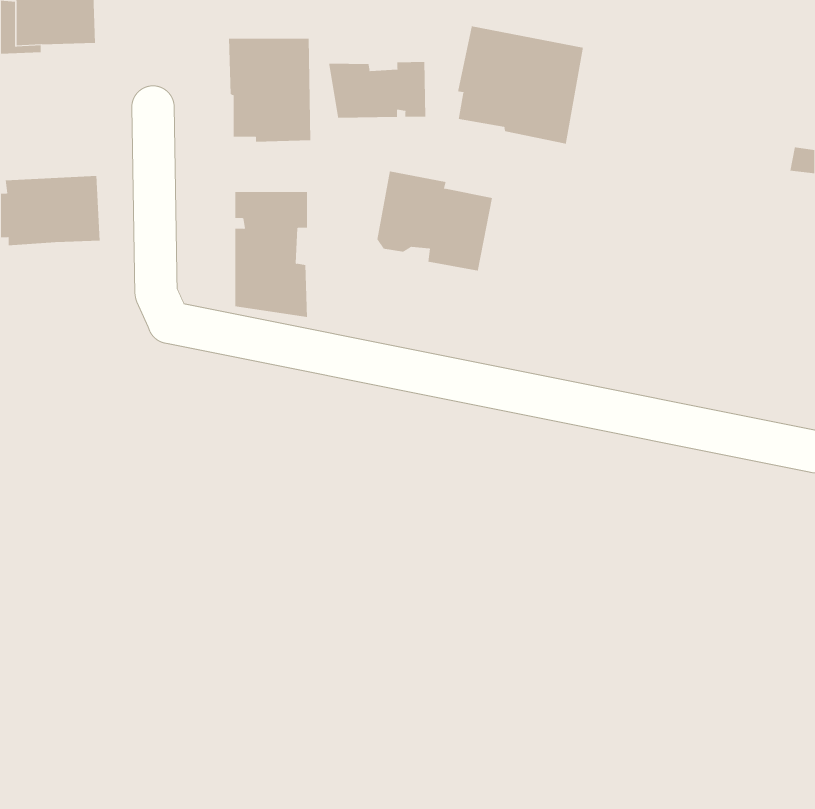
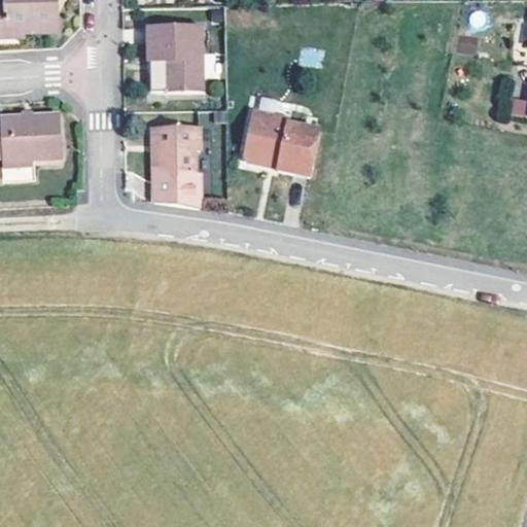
building: [458,25,584,144] -> none
building: [328,61,426,119] -> none

